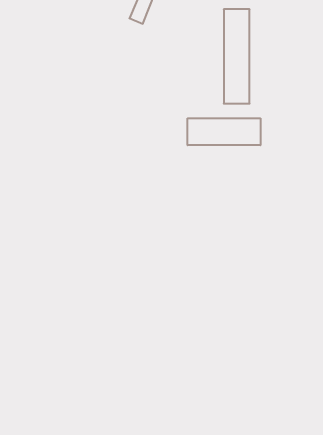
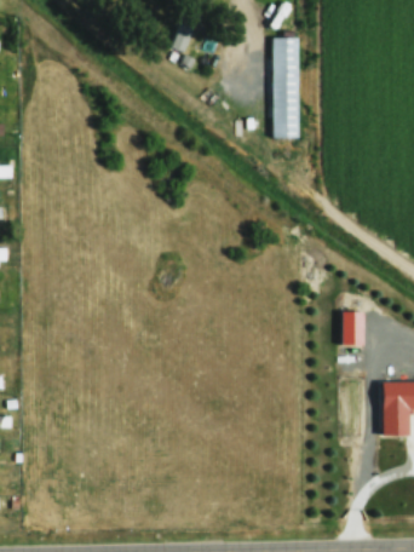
building: [188,118,260,145] -> none

